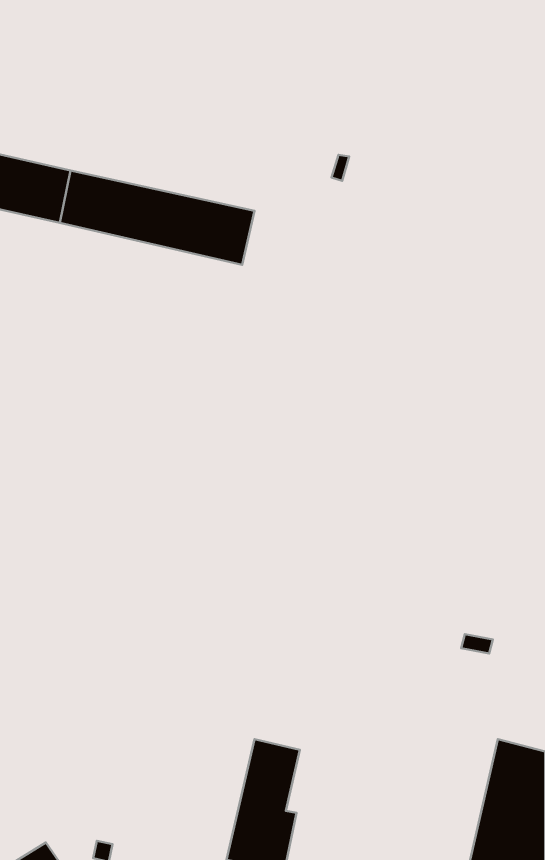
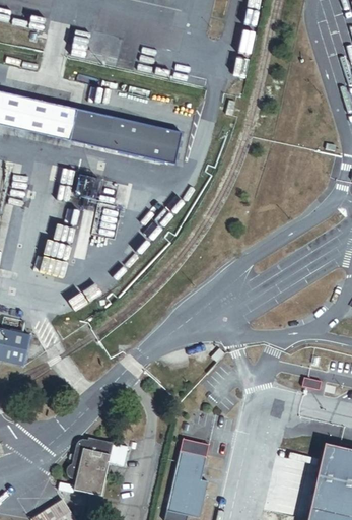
building: none -> [66,437,113,496]

